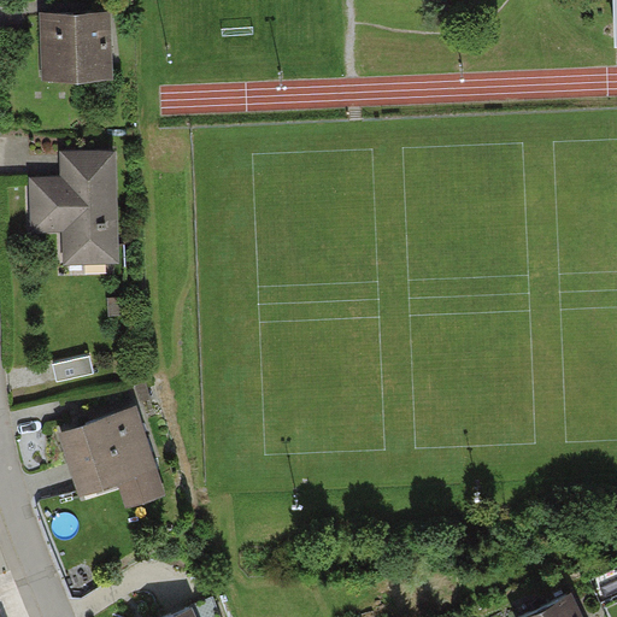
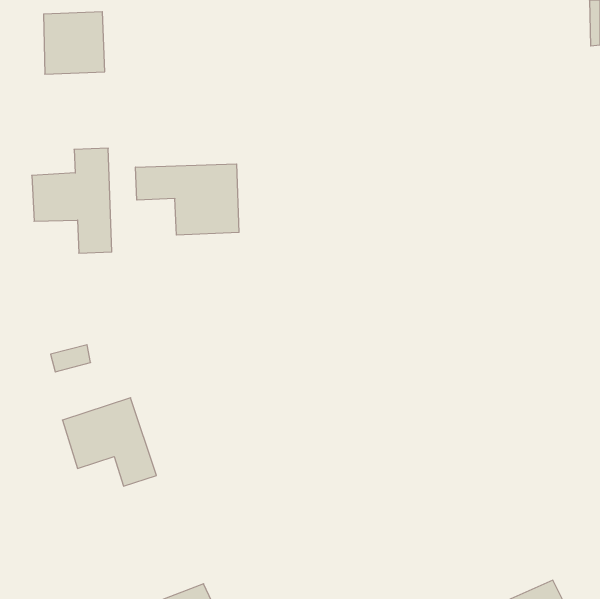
building: none -> [136,164,239,235]

